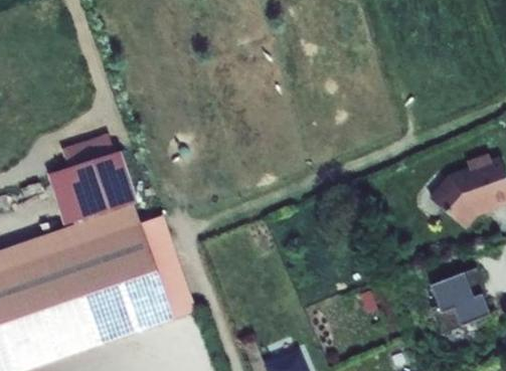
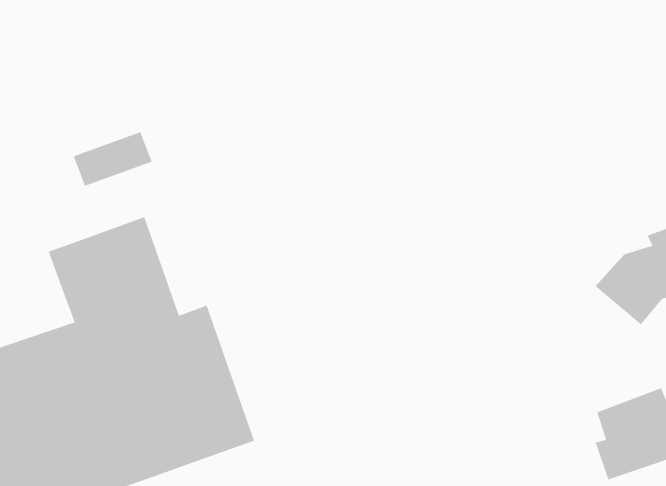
building: [61,132,117,170] -> [73,131,152,186]

